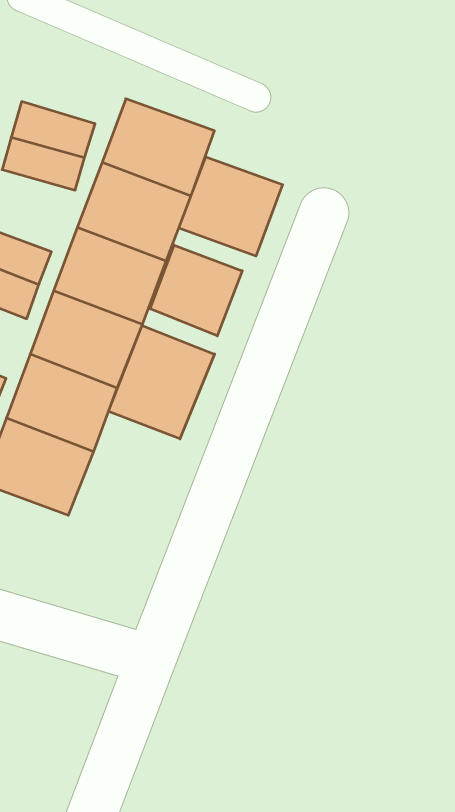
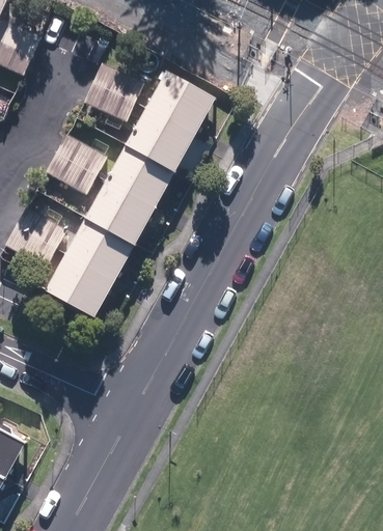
building: [179,157,283,256] -> none
building: [150,245,242,336] -> none
building: [109,326,215,439] -> none

